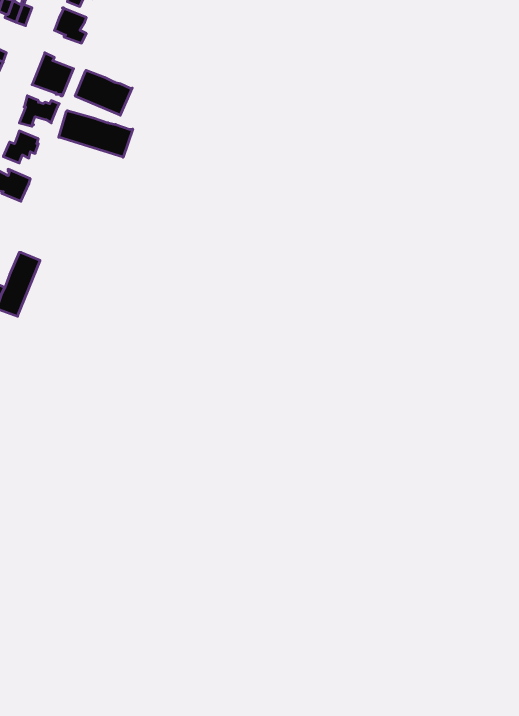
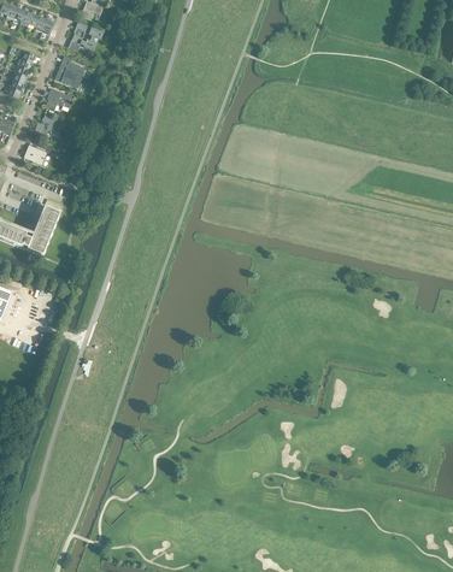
building: [75,70,132,115] -> none
building: [59,111,133,157] -> none

